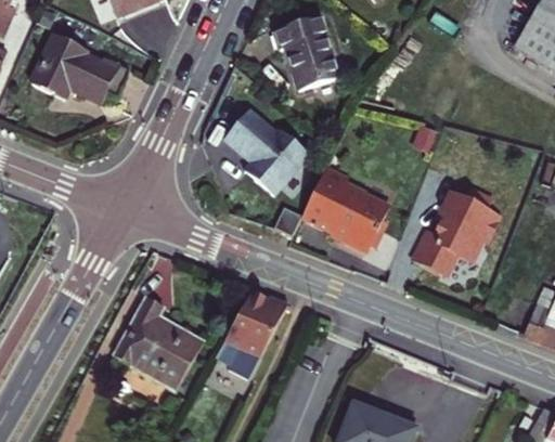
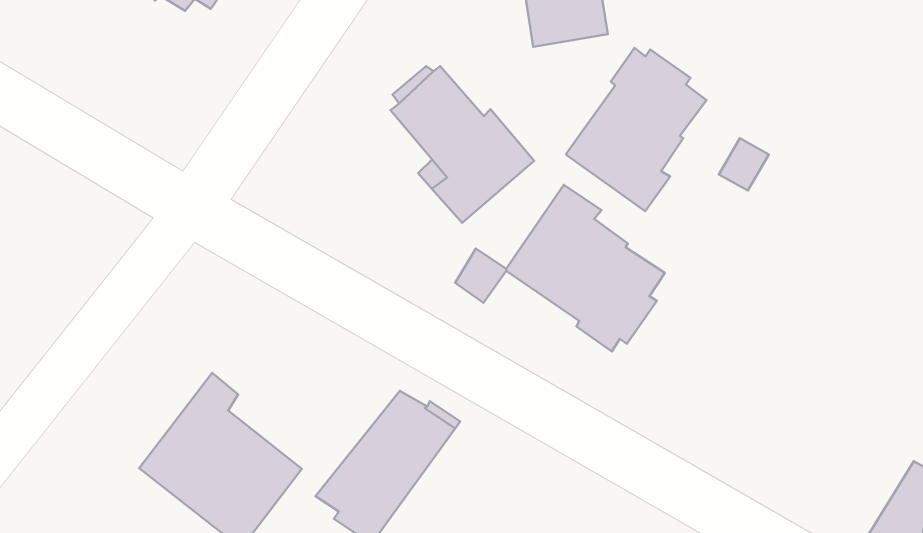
building: none -> [566,48,707,211]
building: [413,187,501,274] -> none

